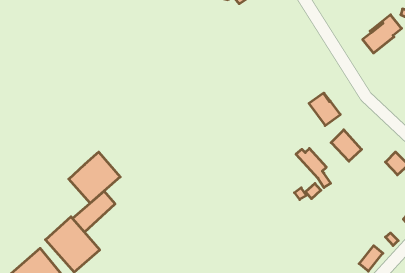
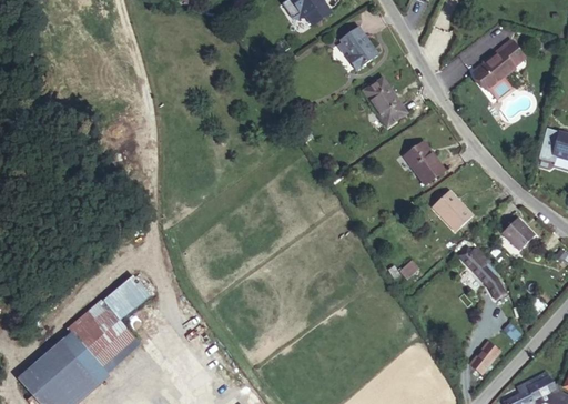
building: none -> [342,27,378,70]
building: none -> [366,79,407,125]
building: [296,148,331,188] -> [460,246,506,297]
building: [69,152,120,203] -> none

